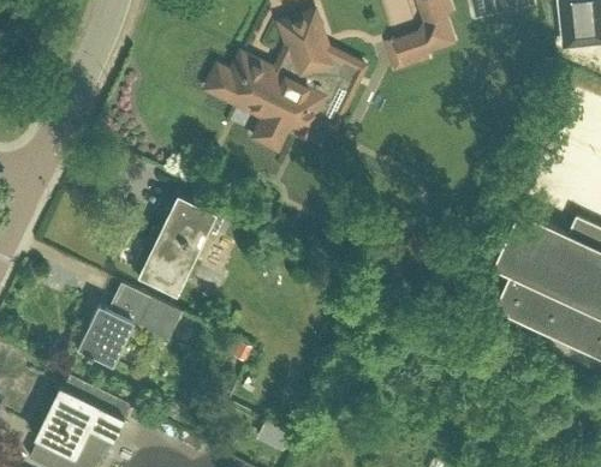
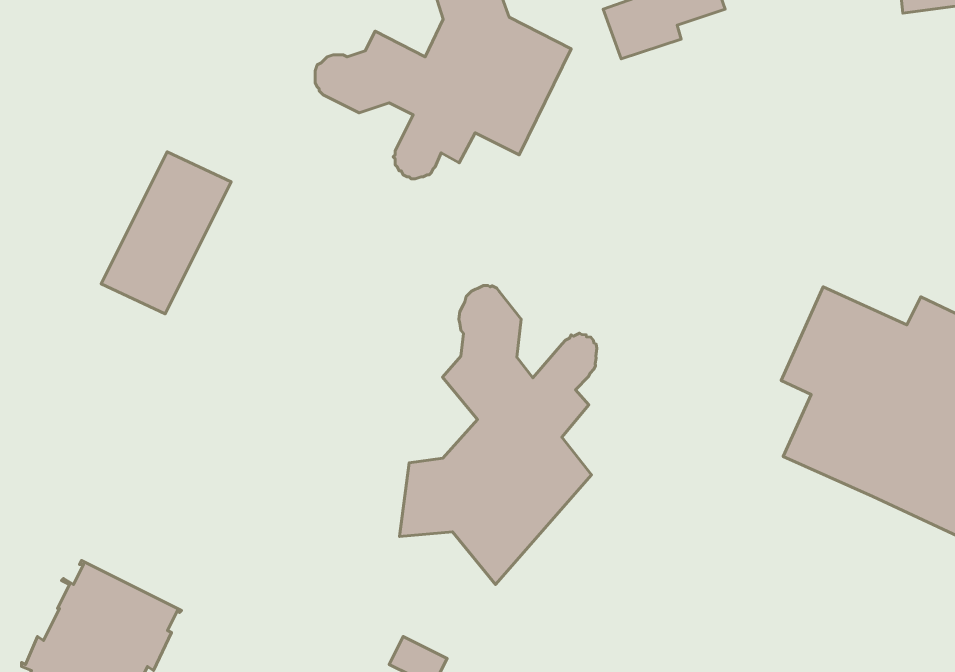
building: [137,196,215,293] -> [101,152,231,314]
building: none -> [400,285,597,584]
building: [76,285,182,365] -> none

